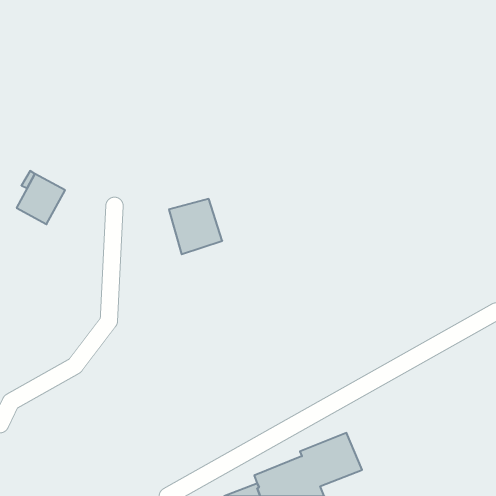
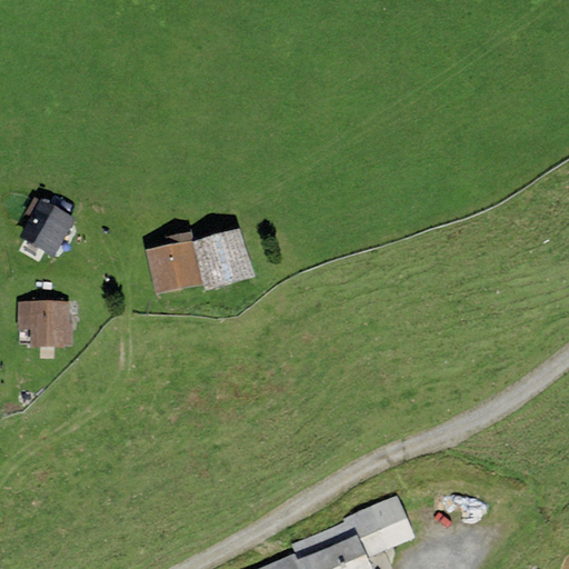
building: none -> [146,239,201,295]
building: none -> [17,301,72,348]

